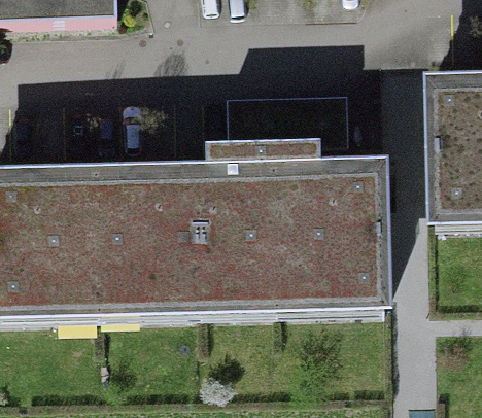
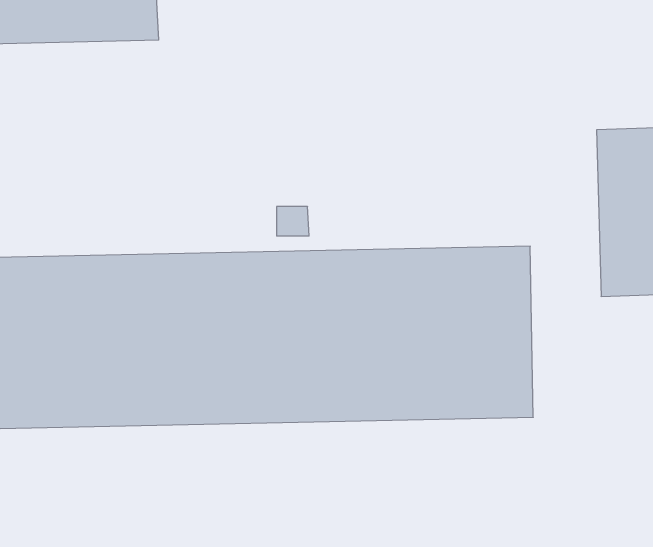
building: [251,93,347,146] -> none

